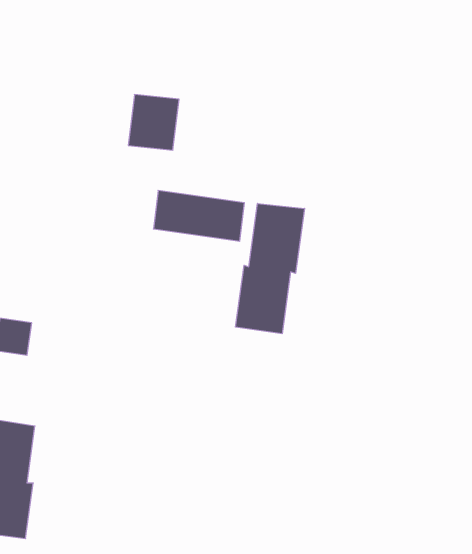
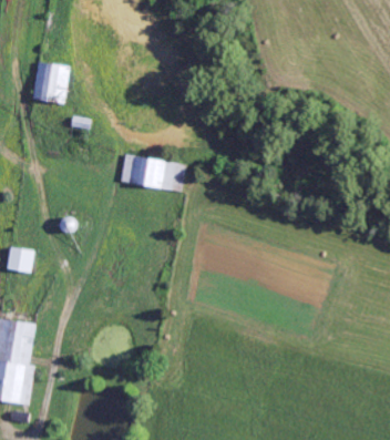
building: [128,95,179,150] -> [32,62,69,102]
building: [236,203,305,334] -> none

